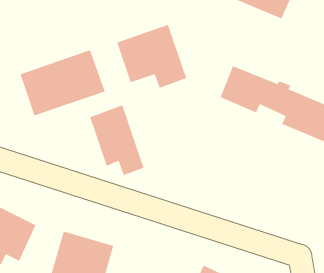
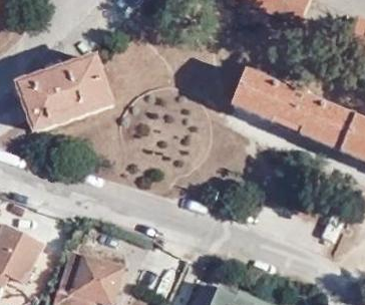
building: [116,24,187,89] -> none
building: [89,104,144,176] -> none

